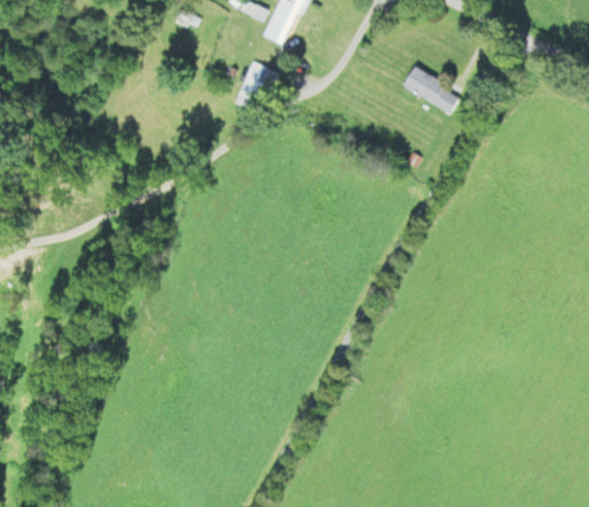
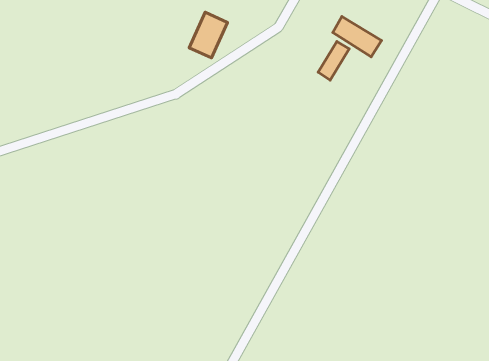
building: none -> [318,41,349,80]

